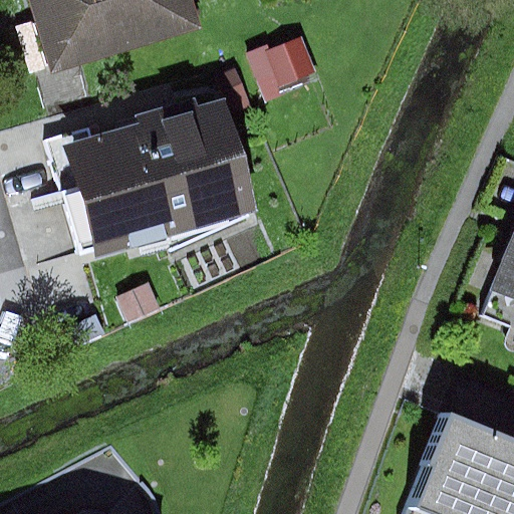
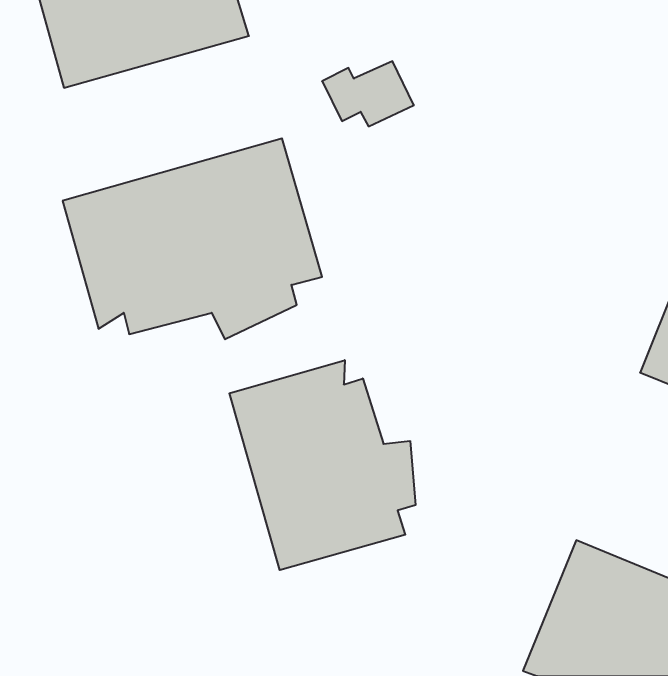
building: none -> [229,360,416,570]

